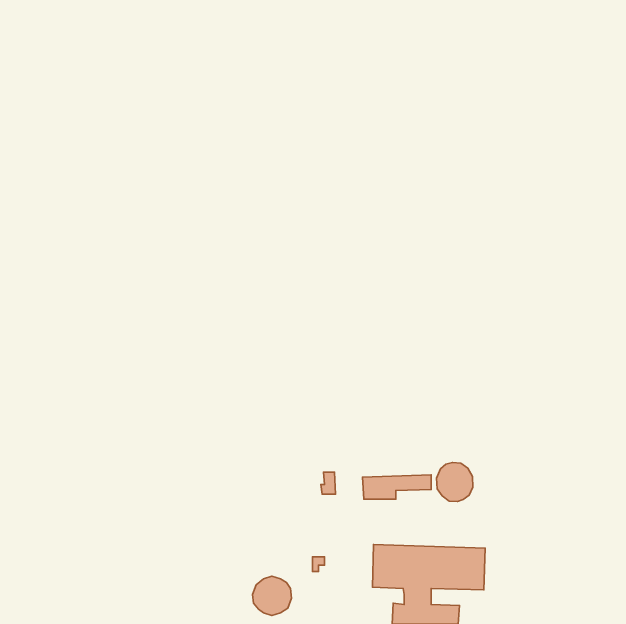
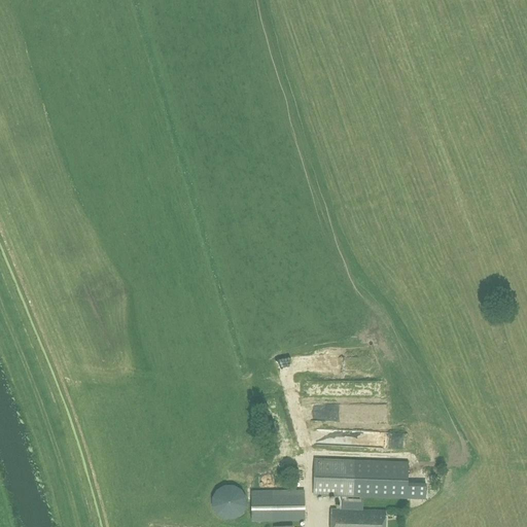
building: [437,463,473,502] -> none
building: none -> [252,489,304,520]

